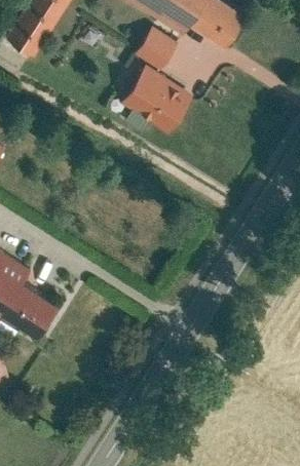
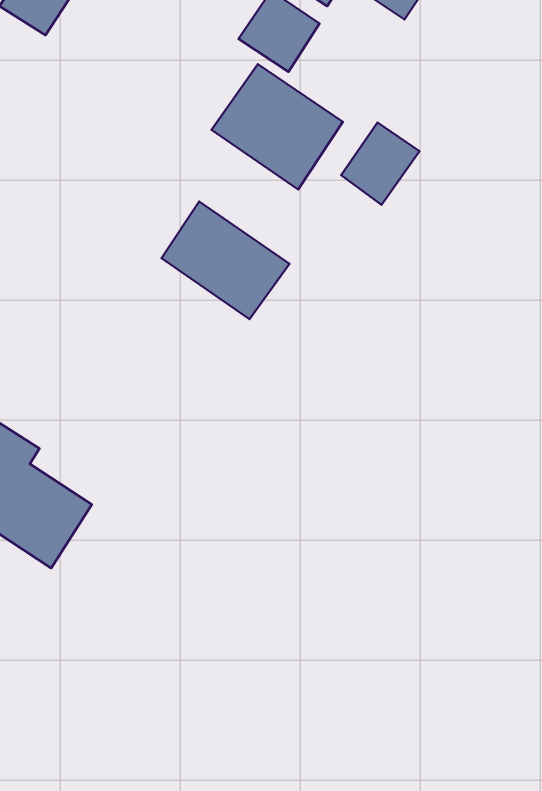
building: none -> [341,122,419,205]
building: none -> [162,202,290,319]

